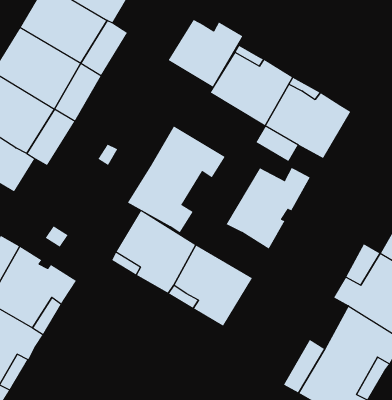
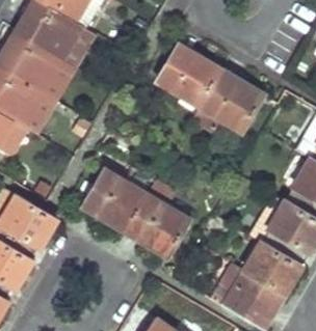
building: [168,19,243,87] -> none
building: [127,125,226,233] -> none
building: [226,167,311,249] -> none

